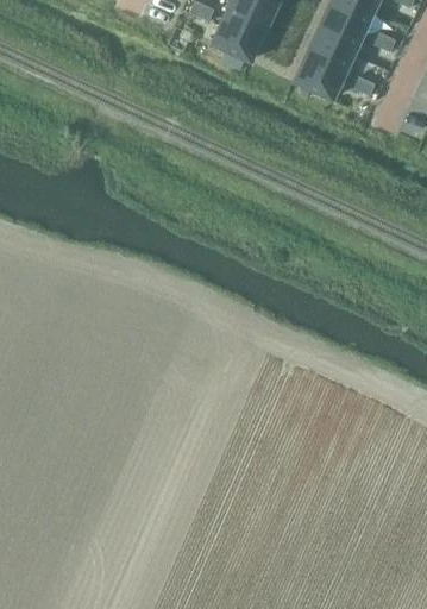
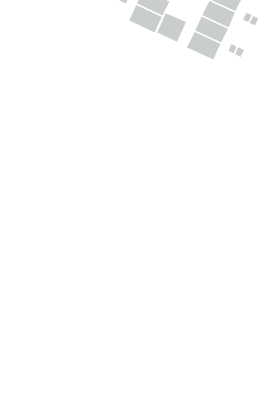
building: none -> [156,12,187,43]

